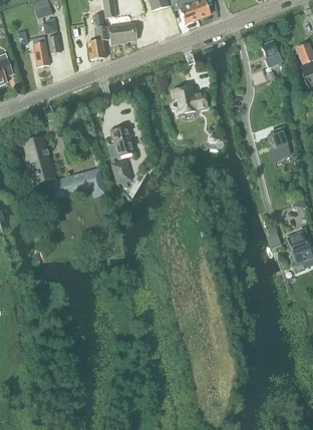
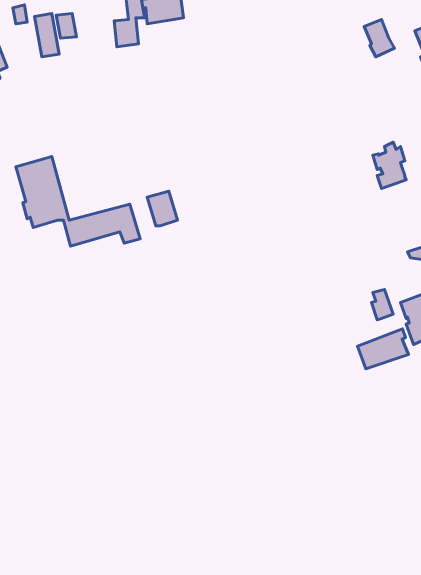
building: [171,86,207,113] -> none
building: [107,125,133,158] -> none
building: none -> [358,329,409,369]

